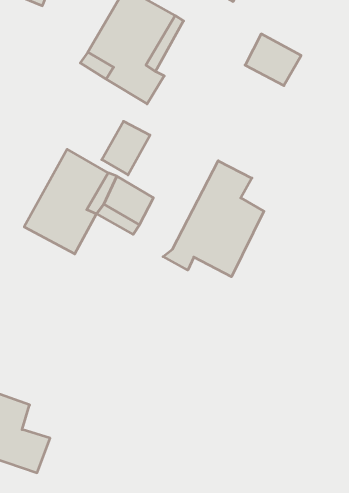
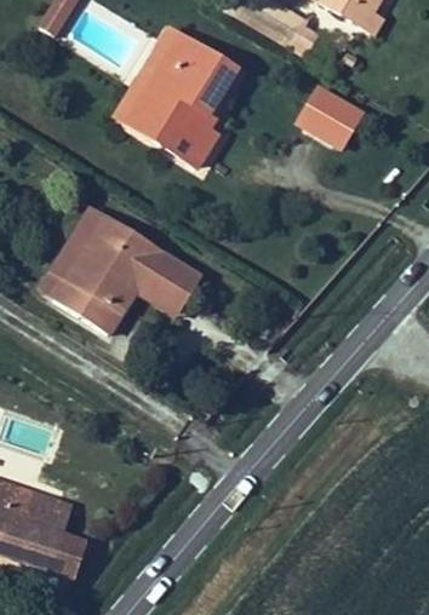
building: [102,121,150,175] -> none
building: [163,161,264,277] -> none

